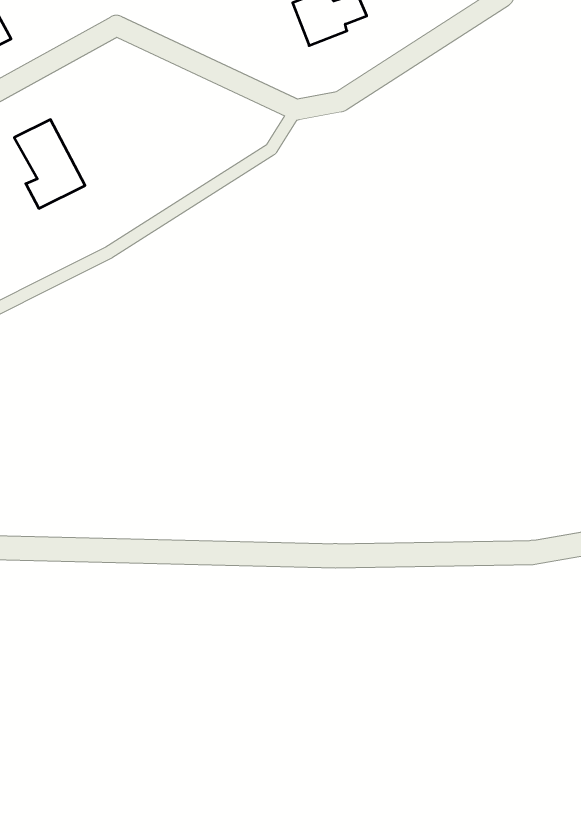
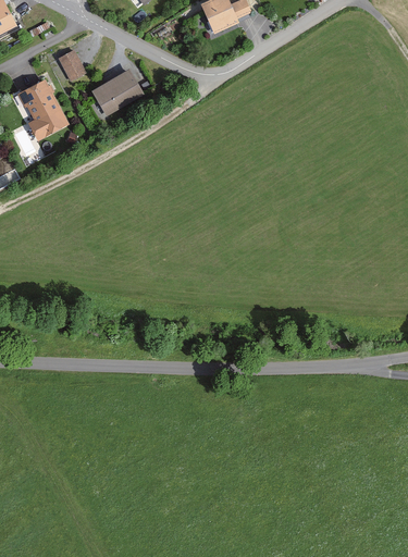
building: none -> [59,50,85,83]
building: none -> [95,69,144,113]

